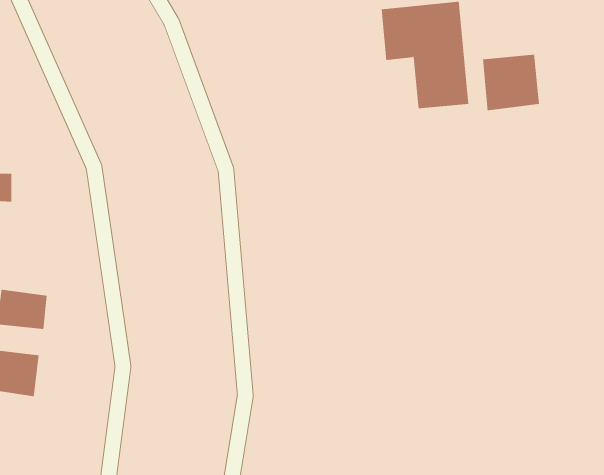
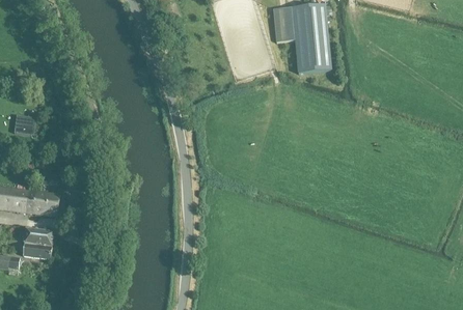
building: [482,54,539,111] -> none

